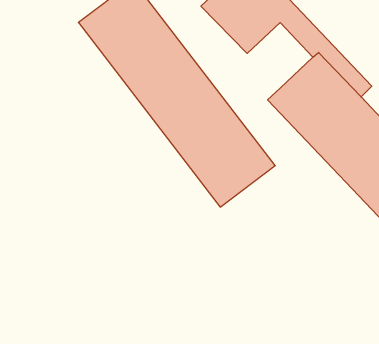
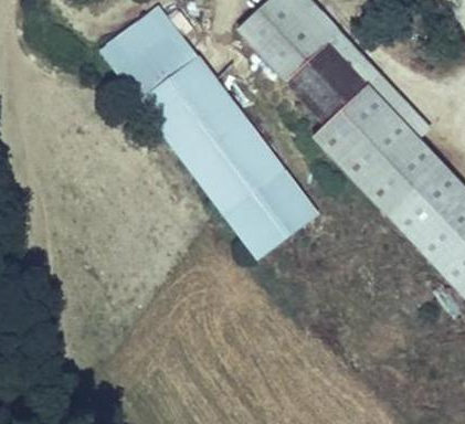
building: none -> [288,50,363,125]

